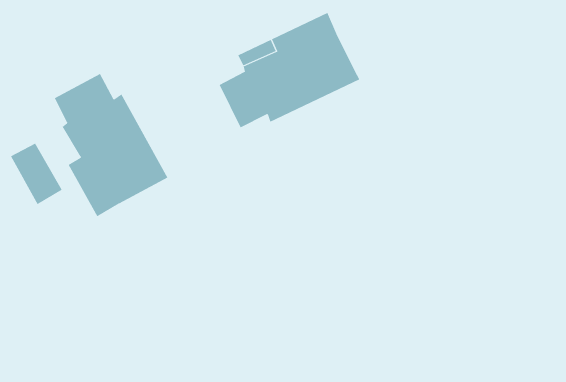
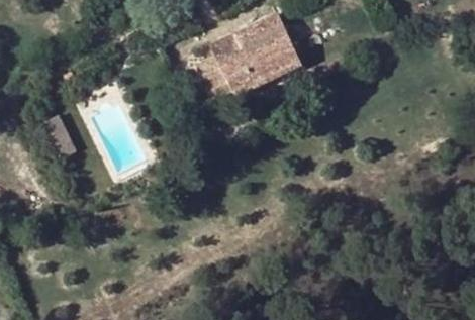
building: [54,73,168,217] -> none

